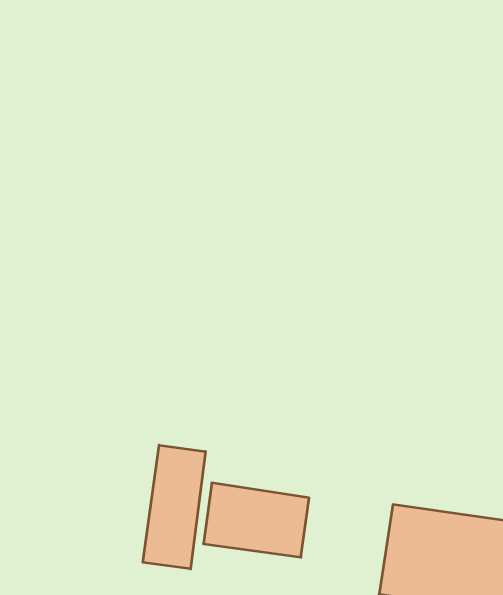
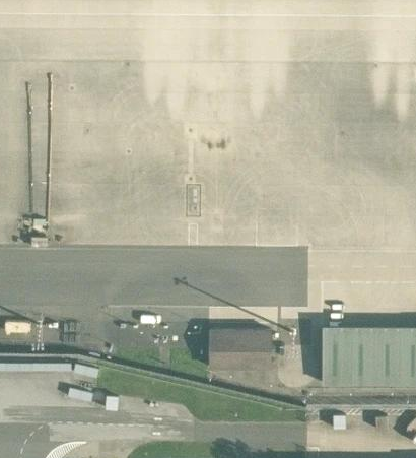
building: [143,445,205,569] -> none

